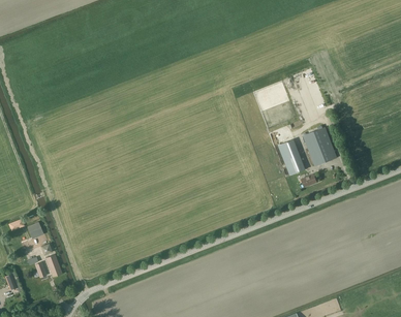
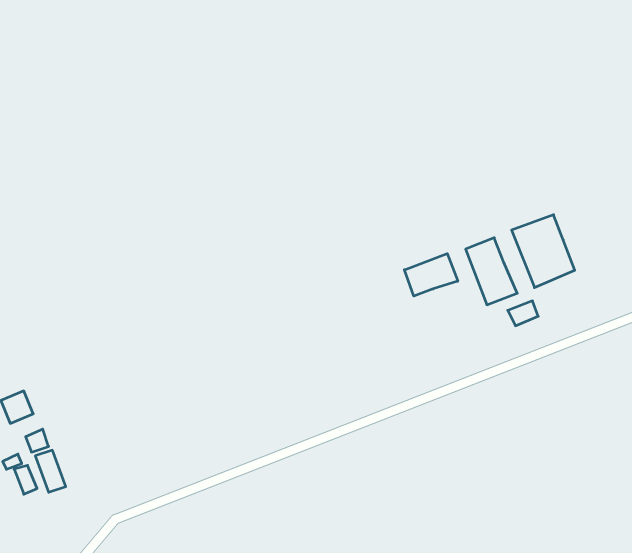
building: none -> [404,254,458,296]

